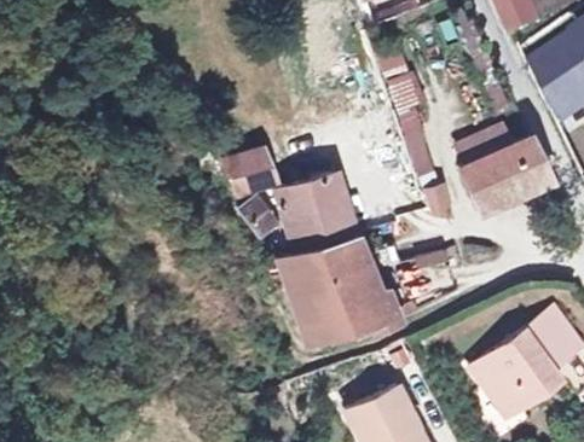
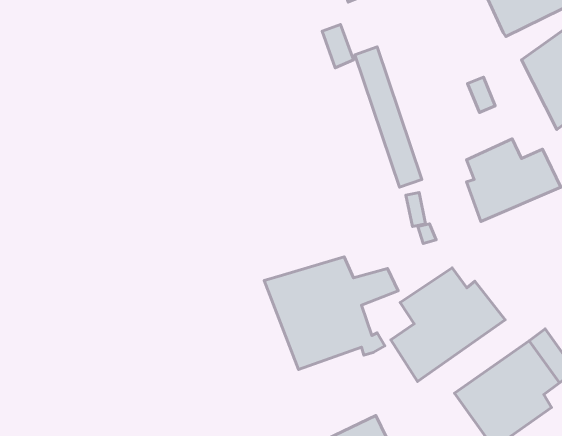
building: [239,144,285,232] -> none
building: [290,178,365,255] -> none
building: none -> [391,268,505,382]

